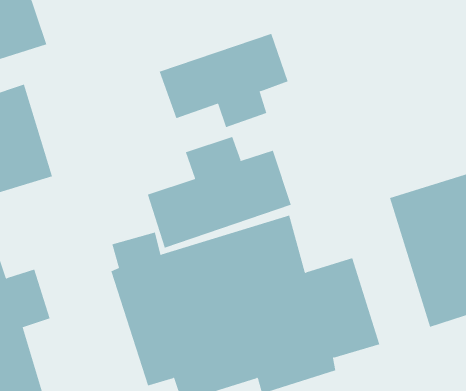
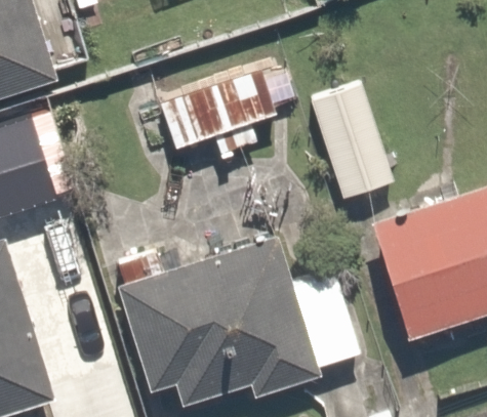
building: none -> [310,83,395,199]
building: [147,136,292,248] -> none

